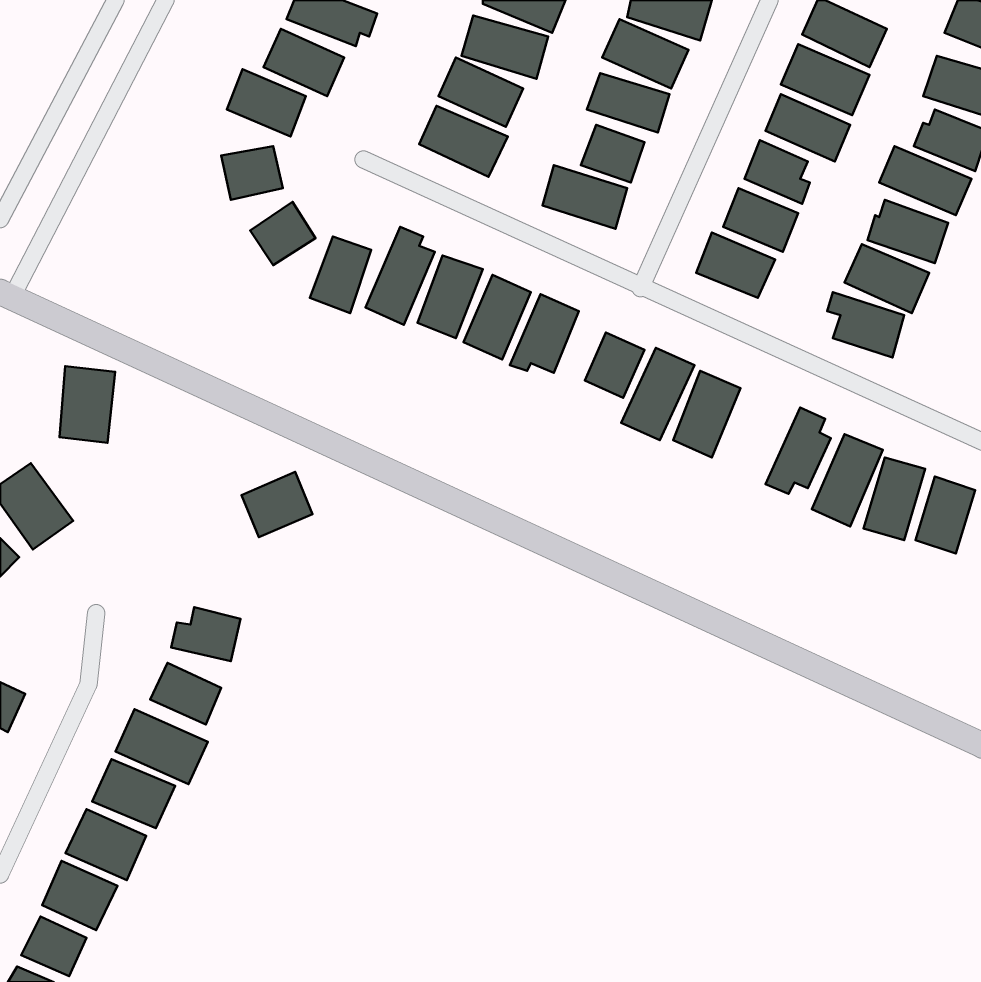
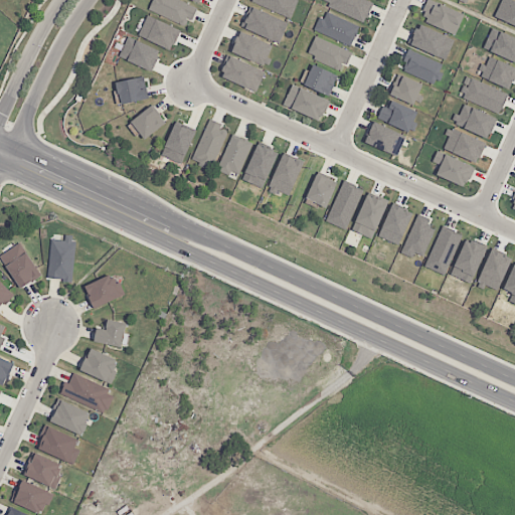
building: [59,366,115,443] -> [48,239,77,280]
building: none -> [380,204,412,244]
building: [241,472,313,537] -> [82,274,120,308]

